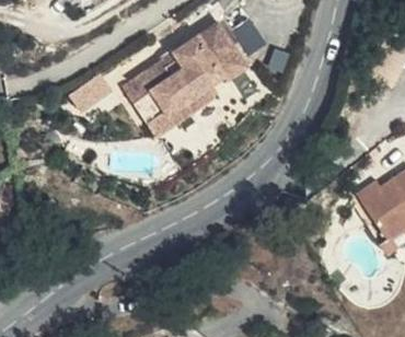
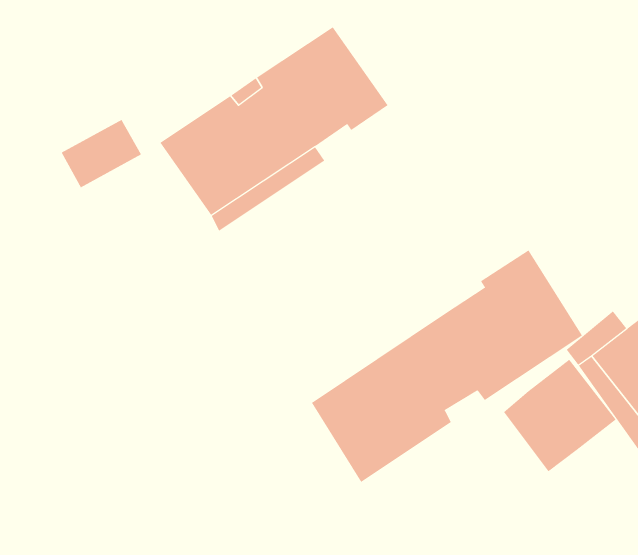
building: none -> [311,249,583,483]
building: none -> [503,359,616,472]

